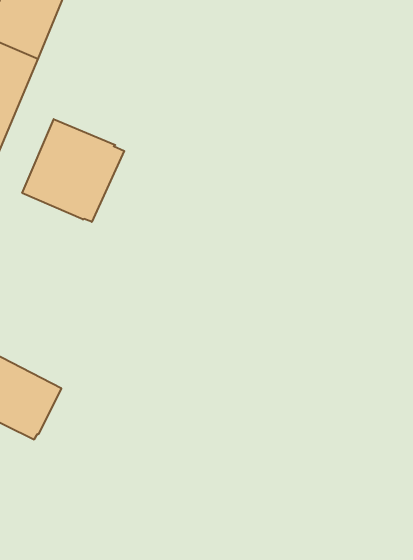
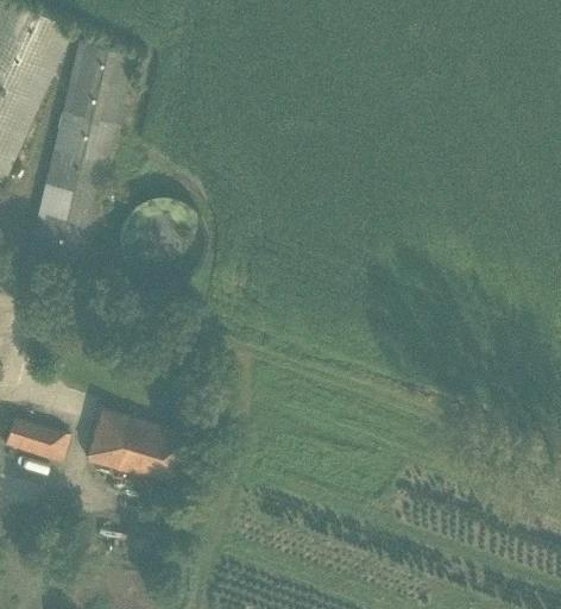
building: [22,119,124,222] -> none

